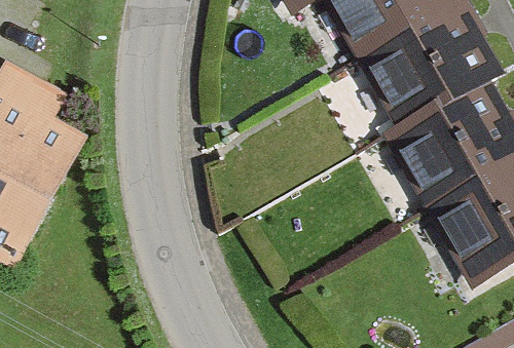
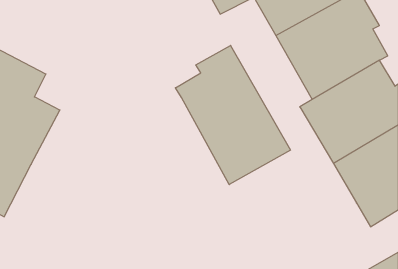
building: none -> [175,45,290,185]

